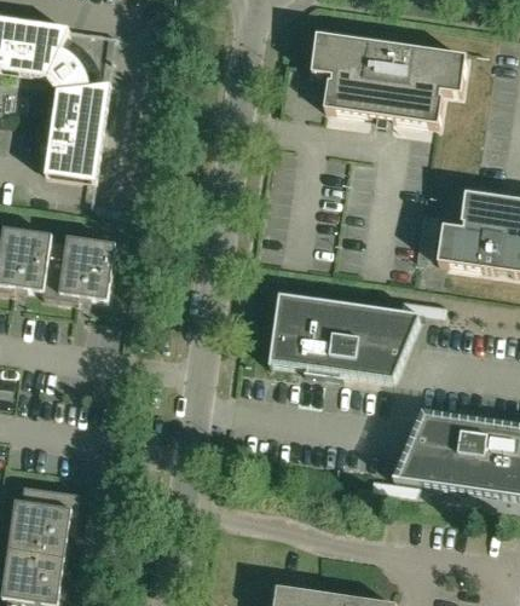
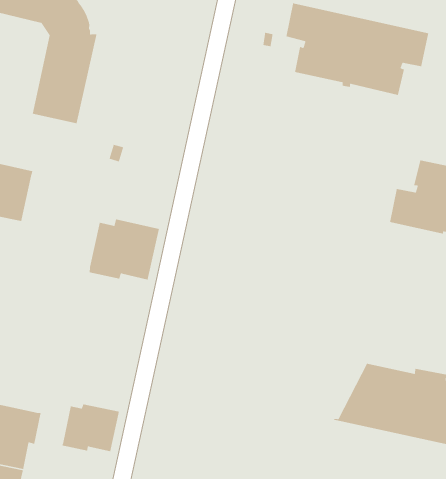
building: [42,235,115,300] -> [89,218,160,281]
building: [267,294,423,379] -> none
building: none -> [61,404,120,452]

